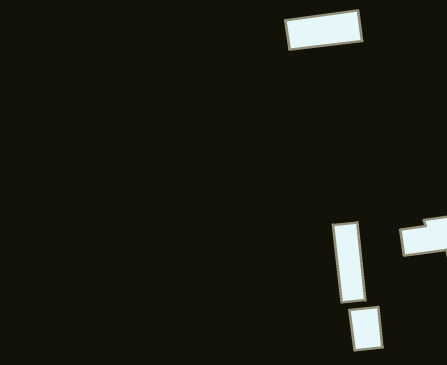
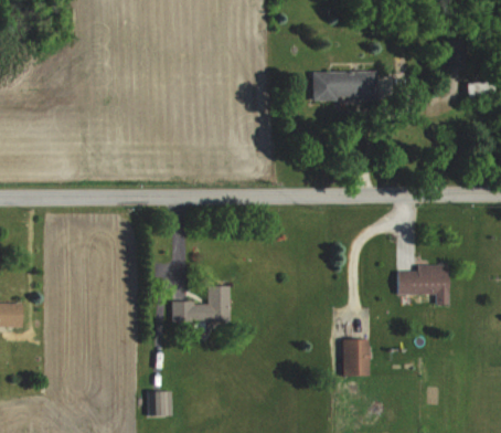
building: [333,222,365,302] -> none
building: none -> [172,286,230,324]

